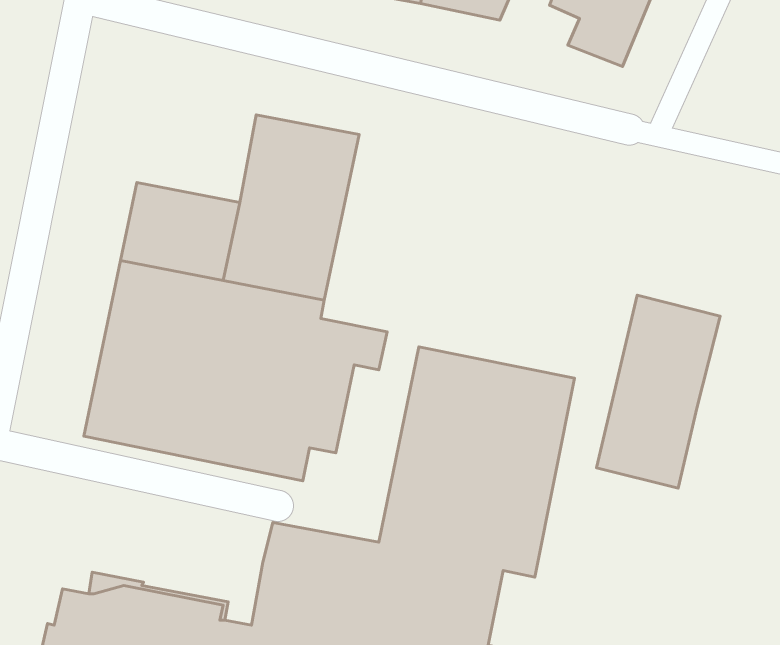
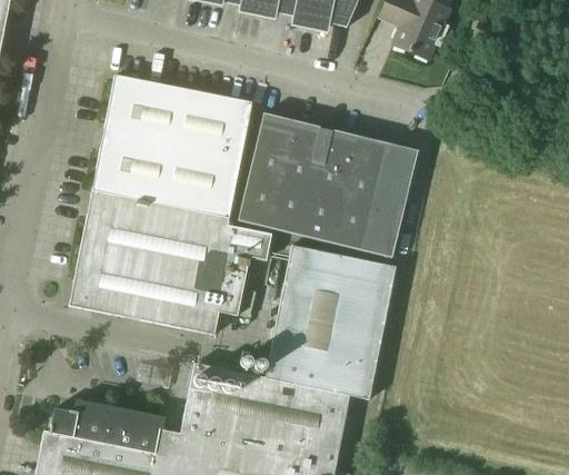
building: none -> [103,75,183,148]
building: none -> [238,113,418,258]
building: [596,295,720,488] -> none

